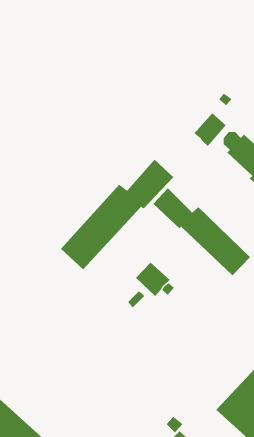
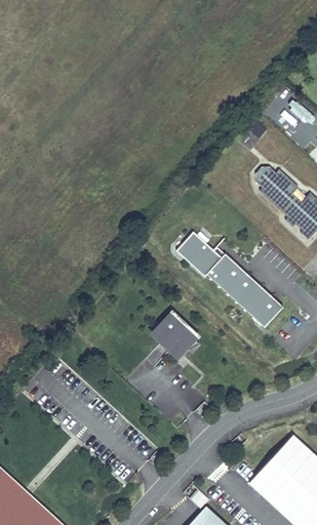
building: [193,113,227,147] -> none
building: [60,159,174,270] -> none

